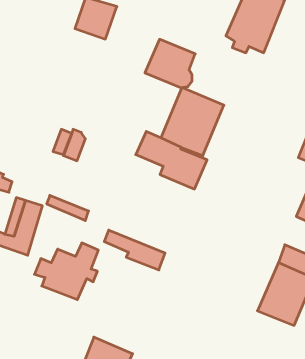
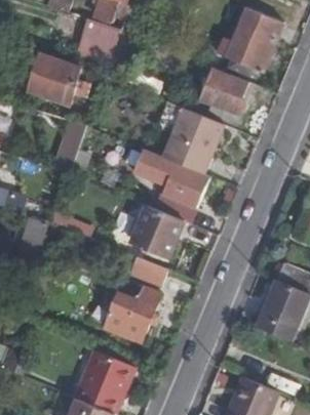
building: none -> [27,52,78,101]
building: [145,39,195,88] -> [200,69,249,116]
building: none -> [132,207,185,258]
building: [34,243,98,300] -> [98,288,160,343]

